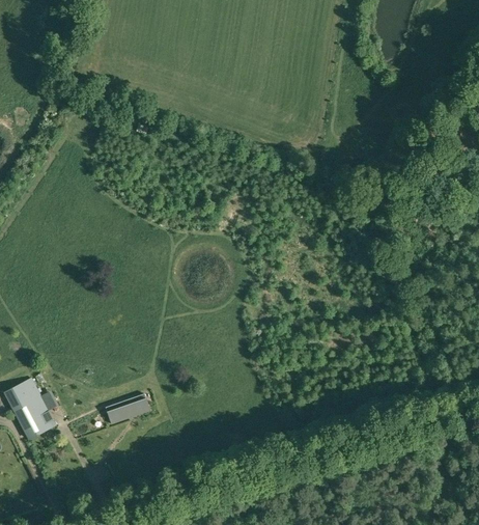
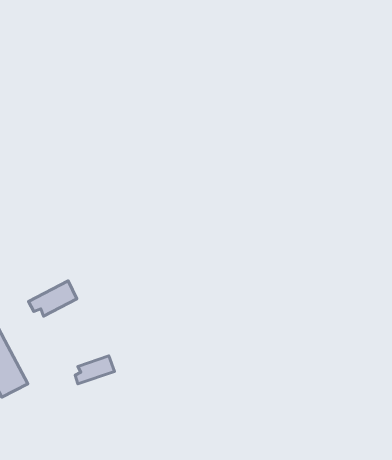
building: none -> [28,281,77,316]

